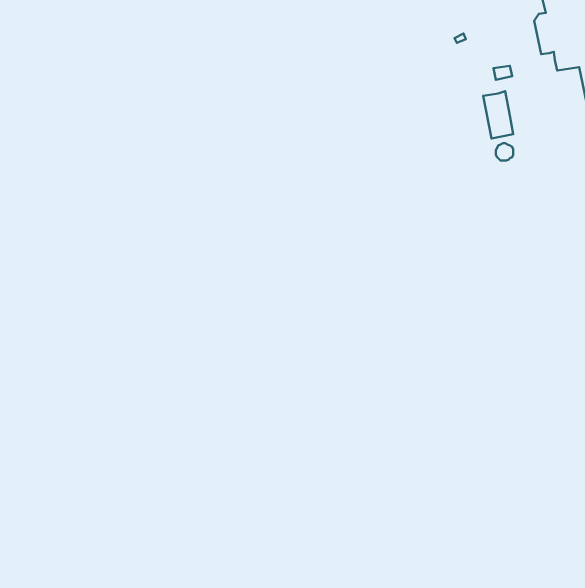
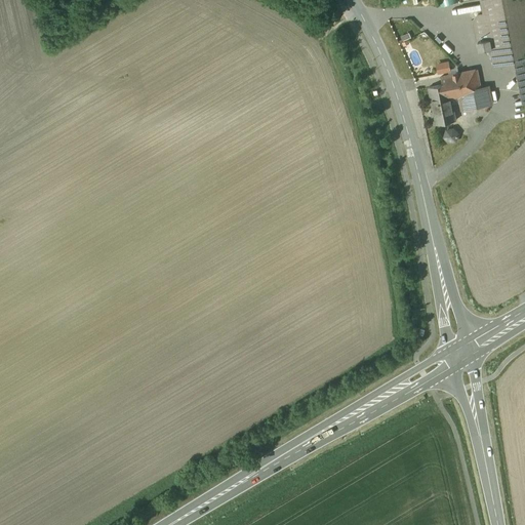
building: none -> [446,68,494,107]

